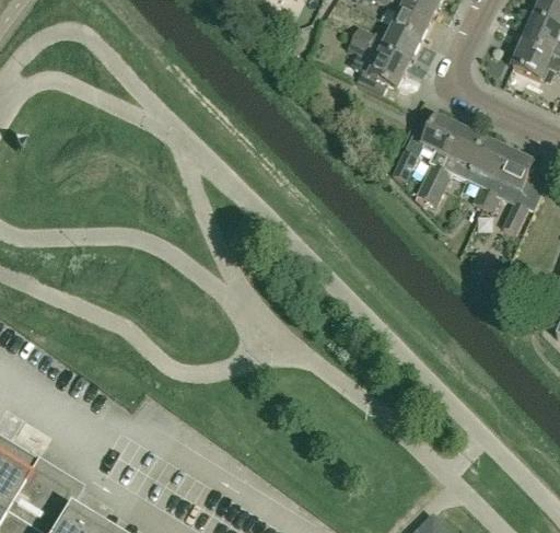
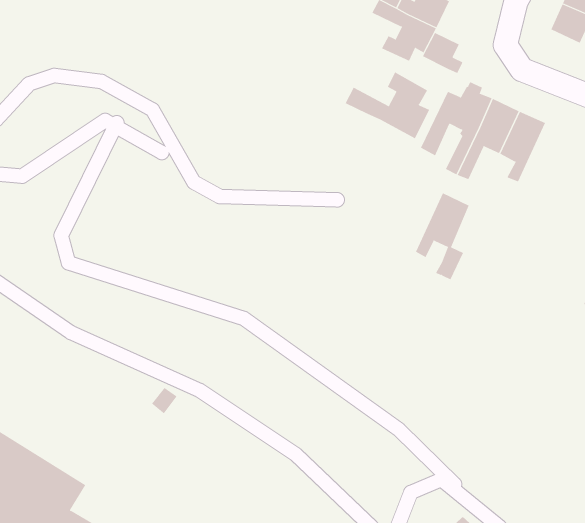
building: none -> [422,32,464,74]
building: none -> [345,71,430,139]
building: [483,150,534,231] -> [415,193,470,280]

